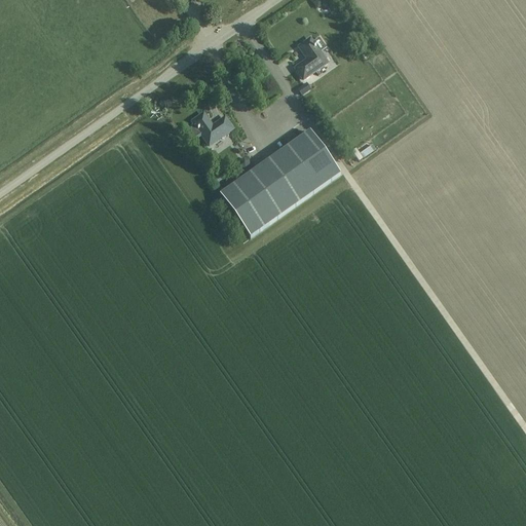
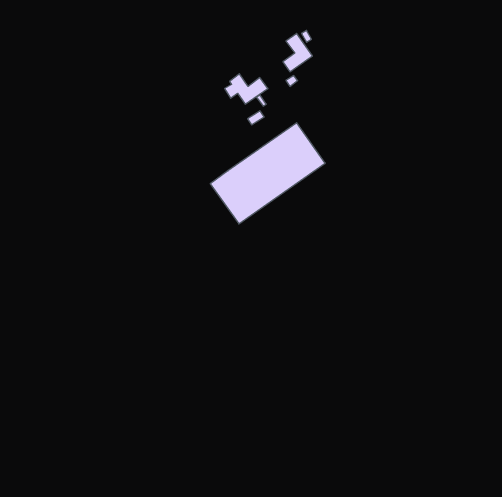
building: [188,110,233,142] -> [225,74,268,104]

